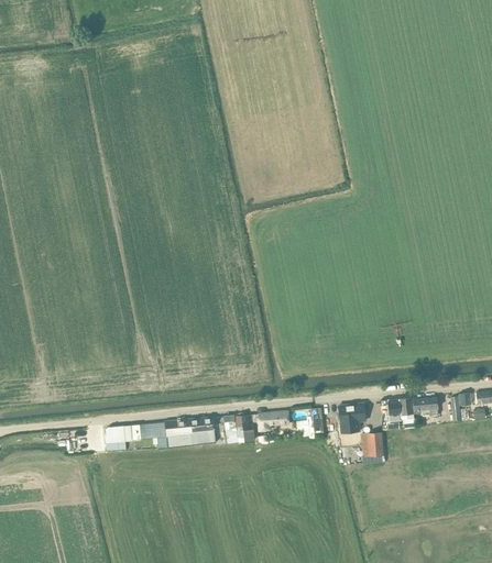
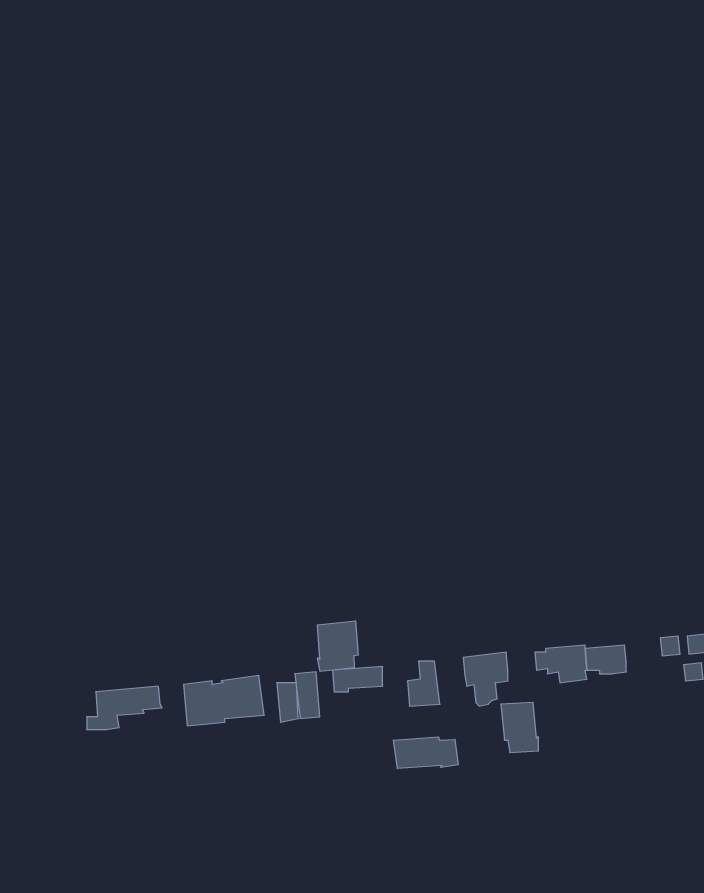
building: none -> [317,621,358,671]
building: none -> [394,737,458,769]

